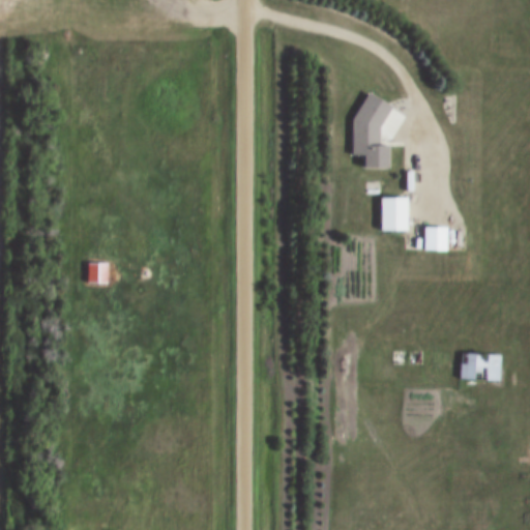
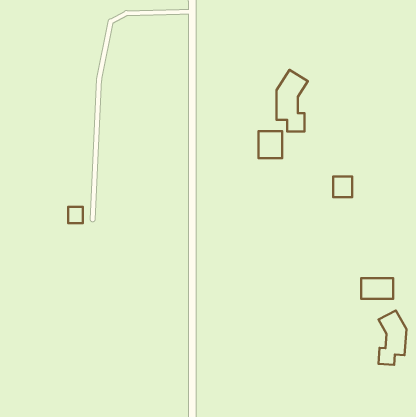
building: [381,197,411,231] -> [258,131,282,158]
building: none -> [379,310,406,365]

